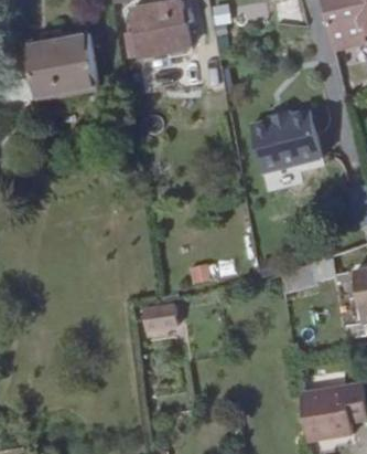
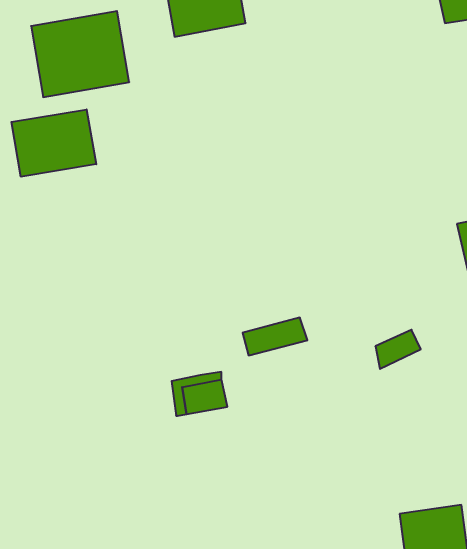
building: none -> [11,109,96,177]
building: [251,109,322,171] -> none

